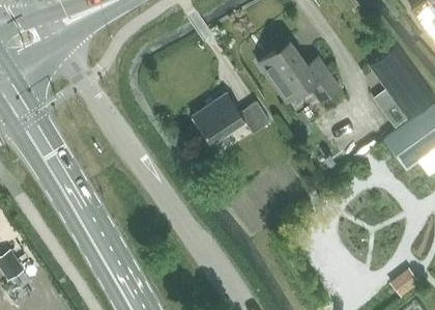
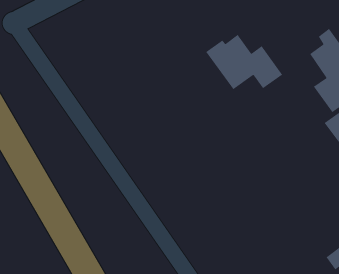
building: [192,92,271,145] -> none

